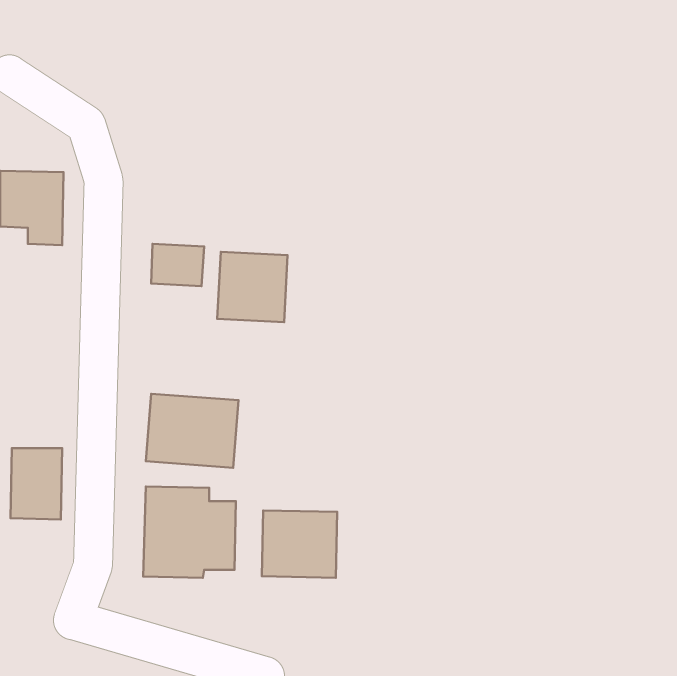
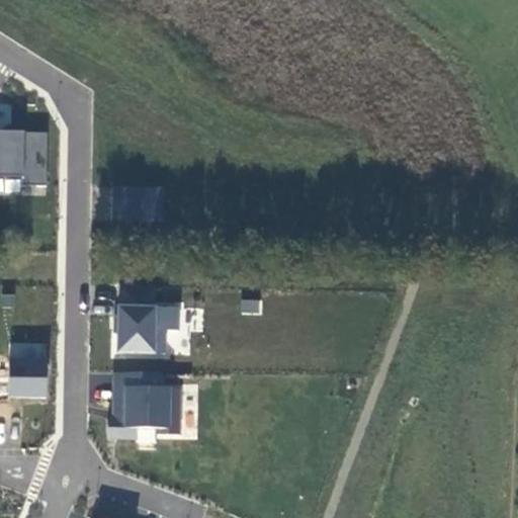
building: [217,252,288,322] -> none
building: [262,510,337,578] -> none

